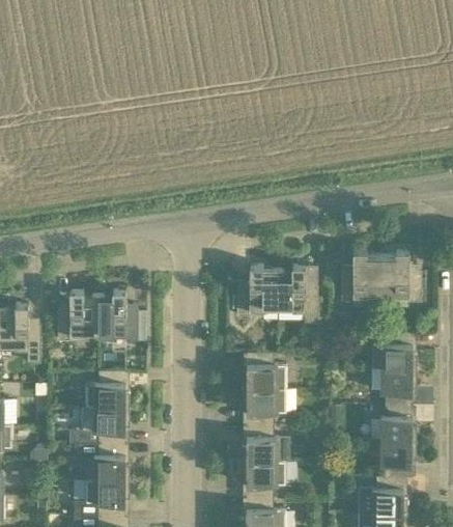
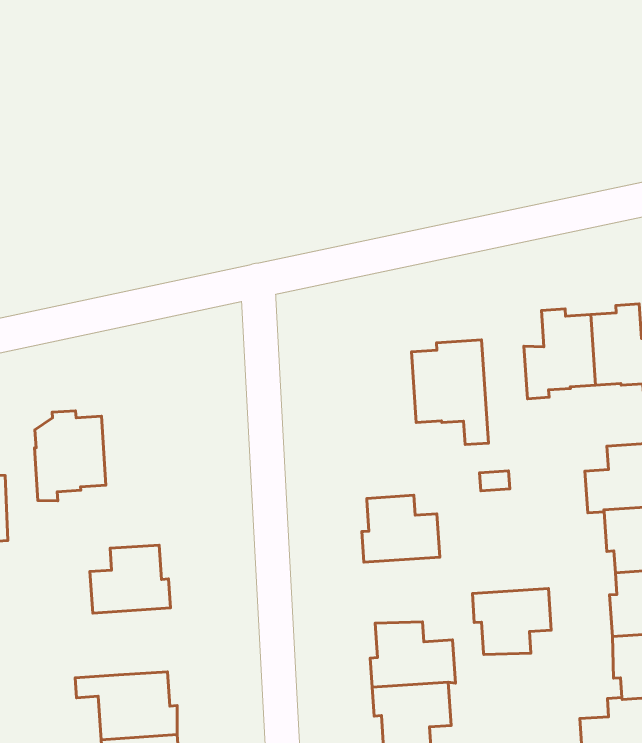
building: [235,267,276,327] -> none
building: [96,292,137,341] -> none
building: [240,389,284,425] -> [472,588,551,655]
building: [81,408,129,444] -> none

